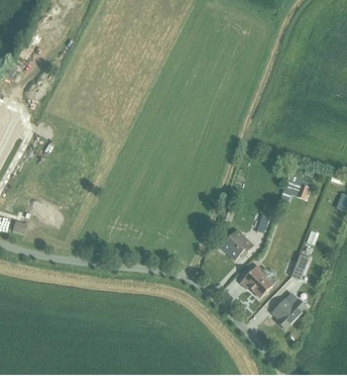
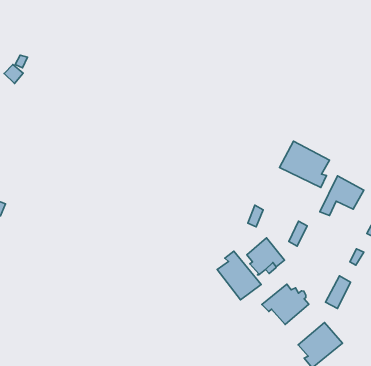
building: none -> [280,141,330,188]
building: none -> [217,251,261,300]

